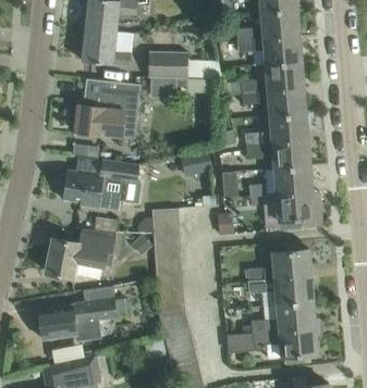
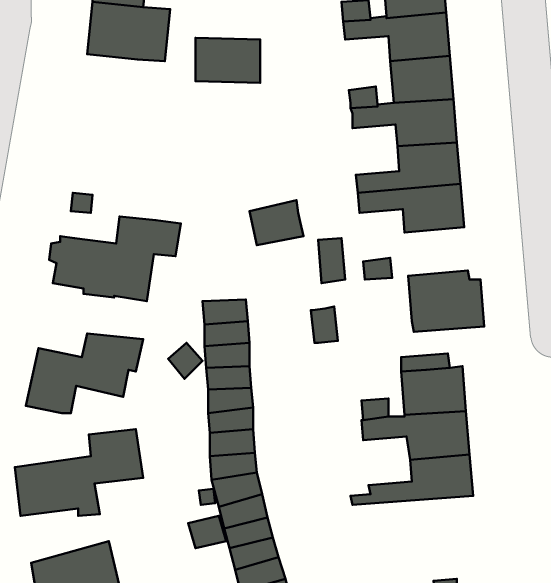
building: [73,79,135,137] -> none
building: [273,165,311,195] -> none
building: [227,327,317,358] -> none

